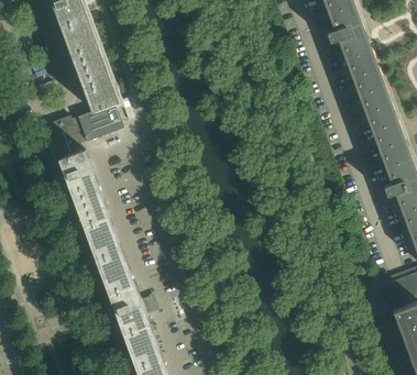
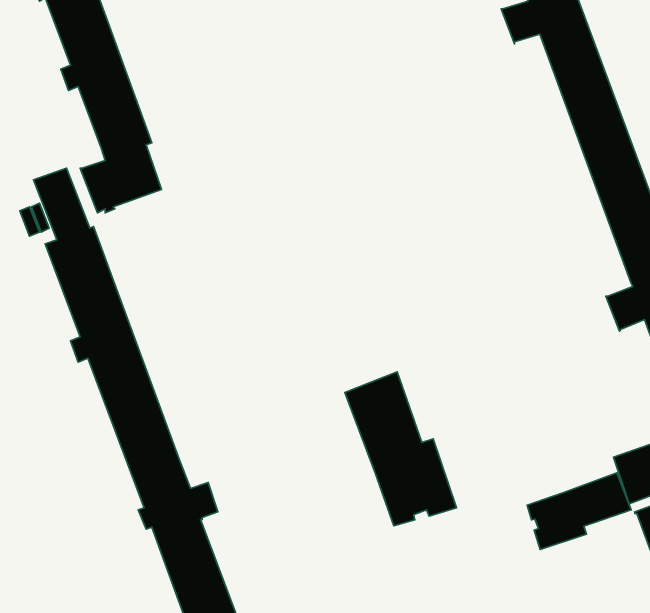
building: none -> [345,372,457,526]
building: none -> [527,473,631,550]

